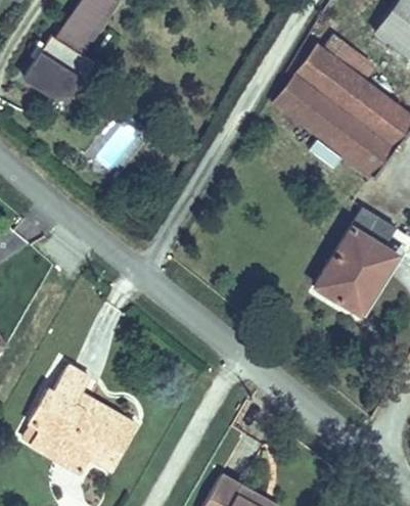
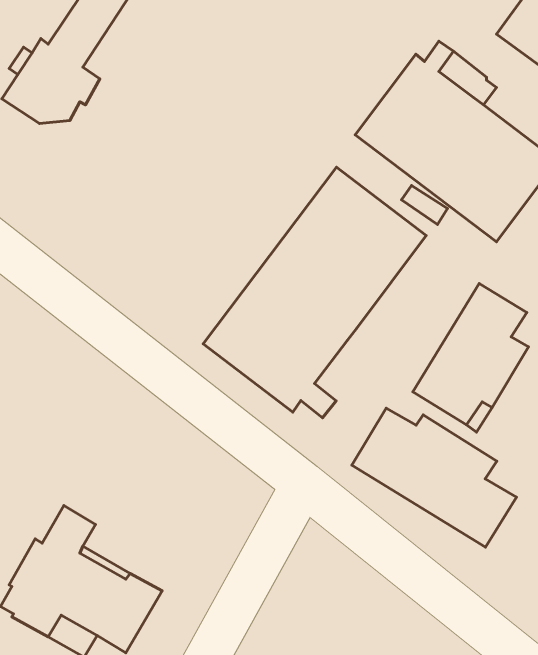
building: none -> [203,167,426,418]
building: none -> [352,408,516,547]

